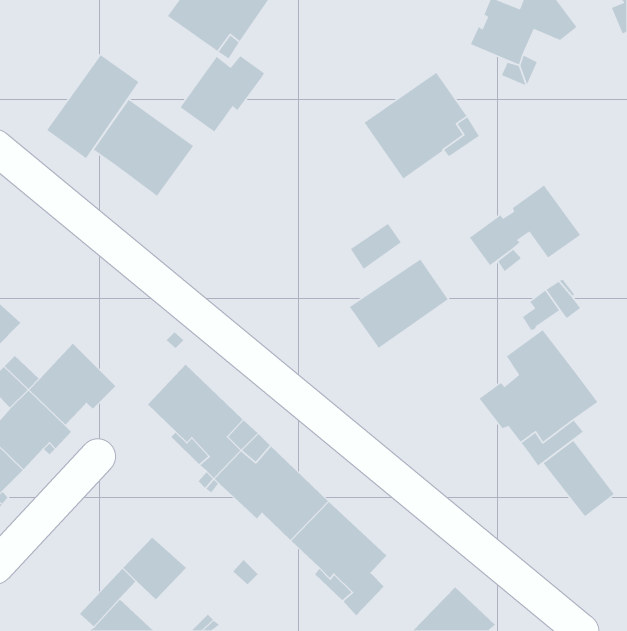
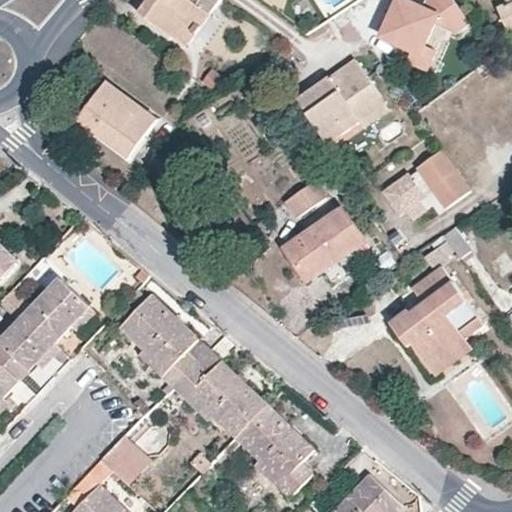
building: [46,54,140,159] -> none
building: [179,55,265,132] -> none
building: [542,440,615,517] -> none

